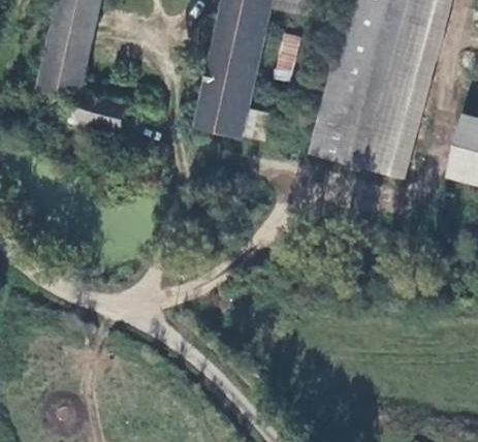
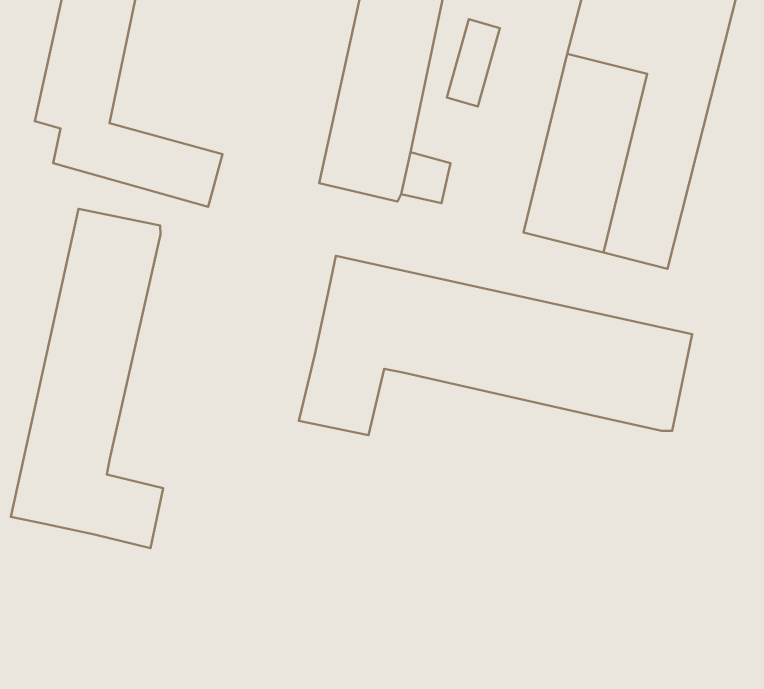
building: none -> [11,209,163,548]
building: none -> [299,256,692,435]

